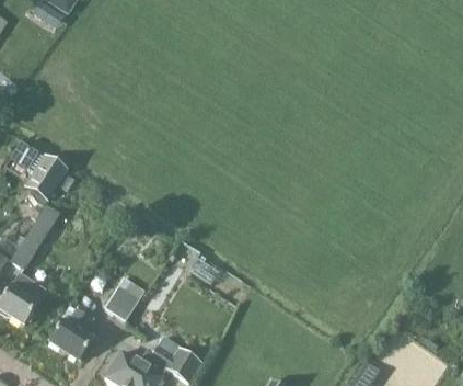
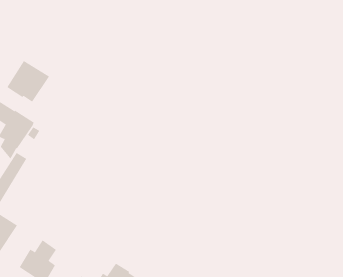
building: none -> [7,60,50,103]
building: [103,276,144,320] -> none

